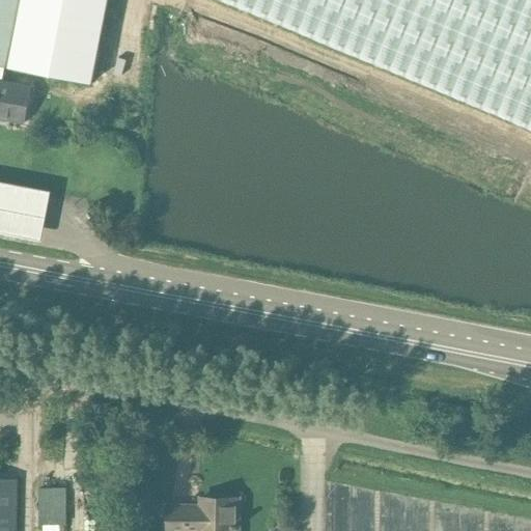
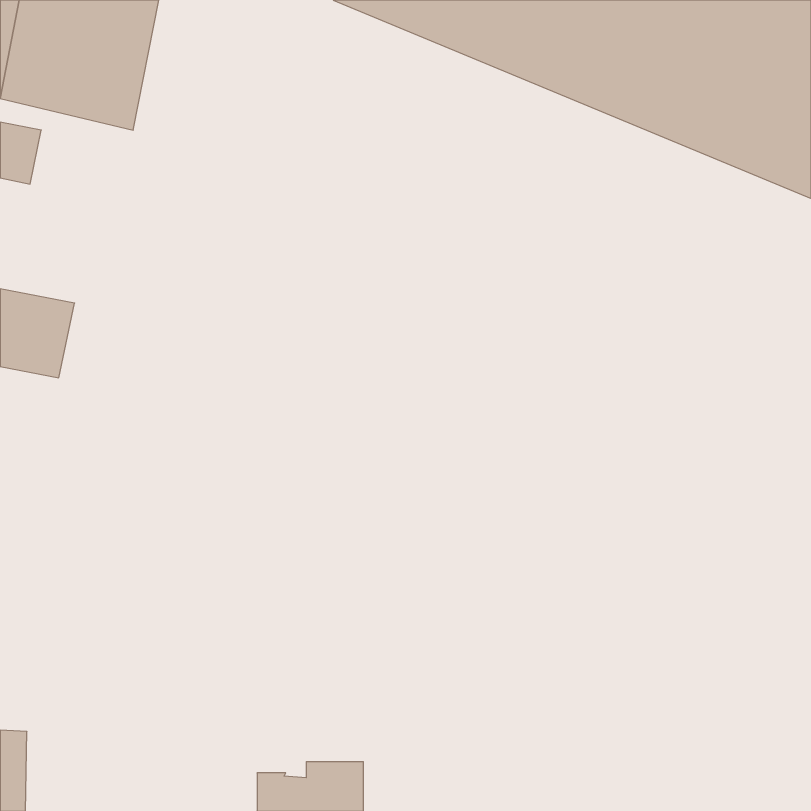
building: [41,486,69,525] -> none

